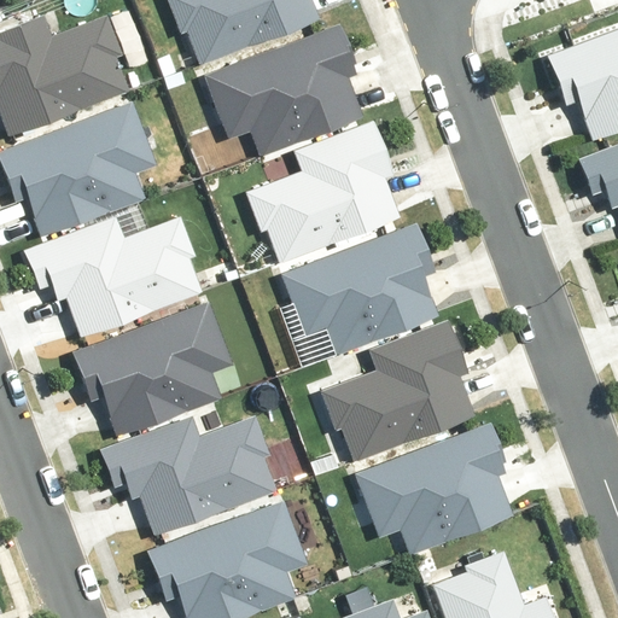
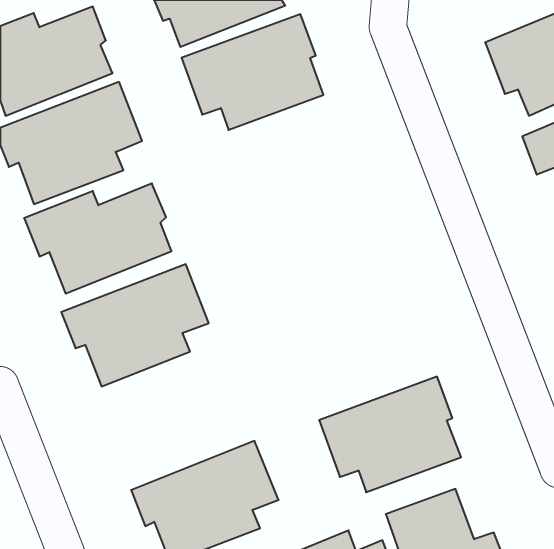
building: [251,126,402,263] -> none
building: [281,223,438,350] -> none
building: [317,325,468,461] -> none
building: [107,415,270,537] -> none

